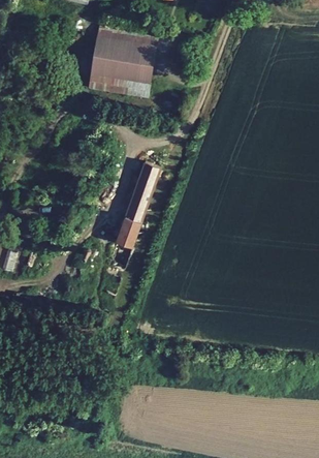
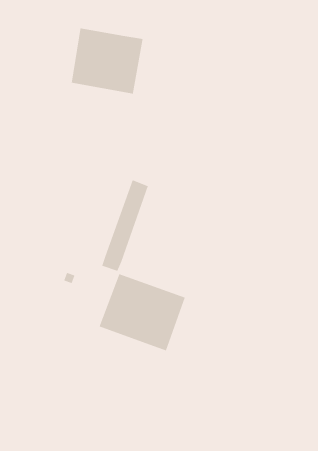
building: none -> [98,273,186,352]

